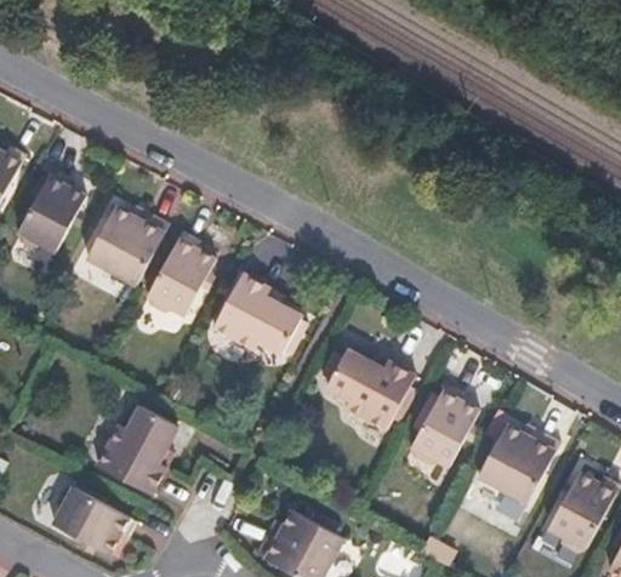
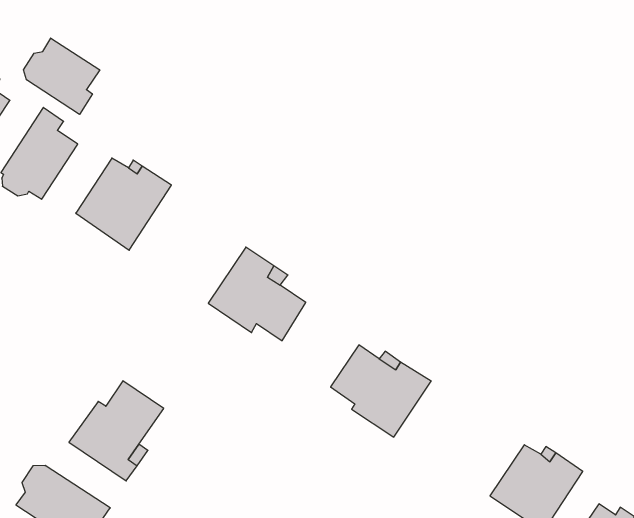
building: none -> [23,38,100,114]
building: [144,230,212,314] -> none
building: [412,385,480,470] -> none

